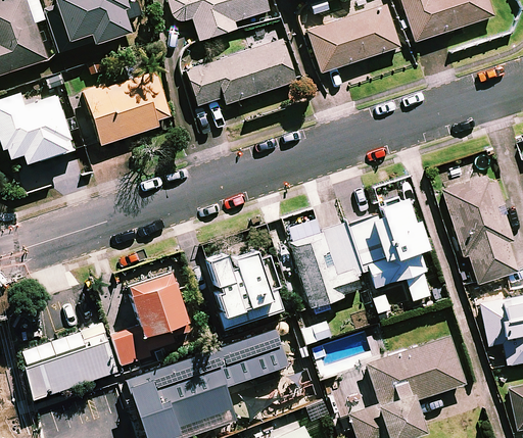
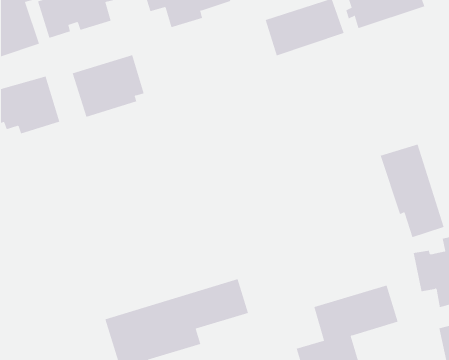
building: [189,40,297,105] -> none
building: [284,196,428,306] -> none
building: [206,245,286,327] -> none
building: [113,269,189,363] -> none
building: [23,338,120,398] -> none

